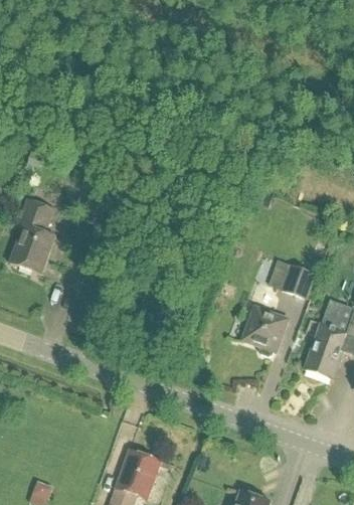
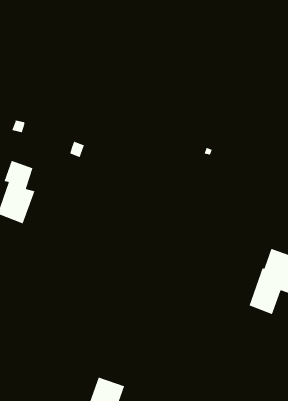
building: [280,264,316,298] -> none
building: [242,305,288,355] -> none

